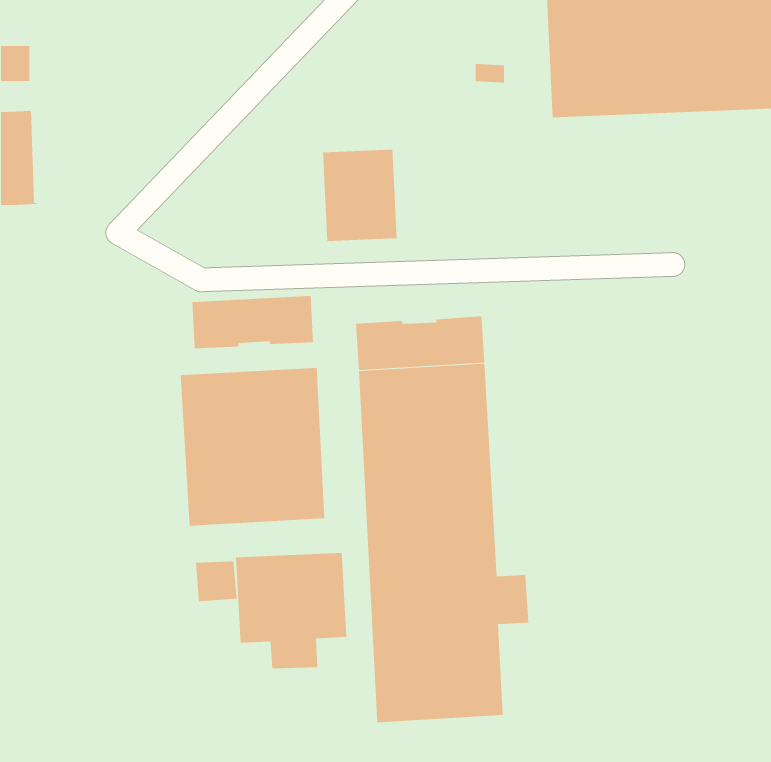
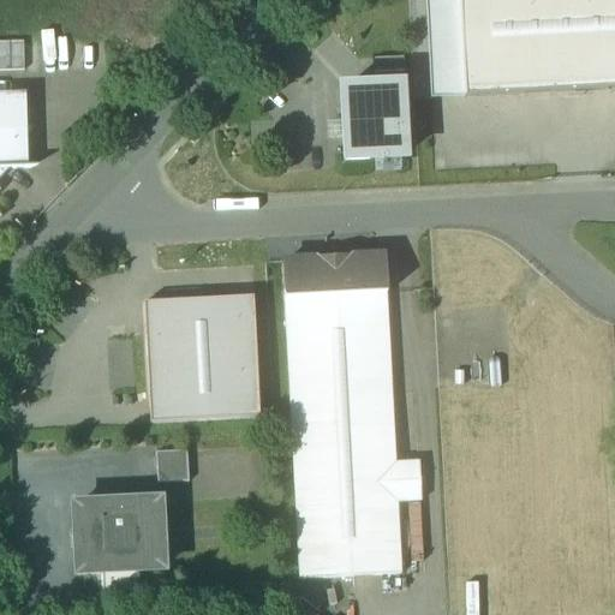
building: [322,149,398,241] -> [344,82,404,155]
building: [192,295,313,349] -> none
building: [235,553,347,669] -> [74,496,163,589]

